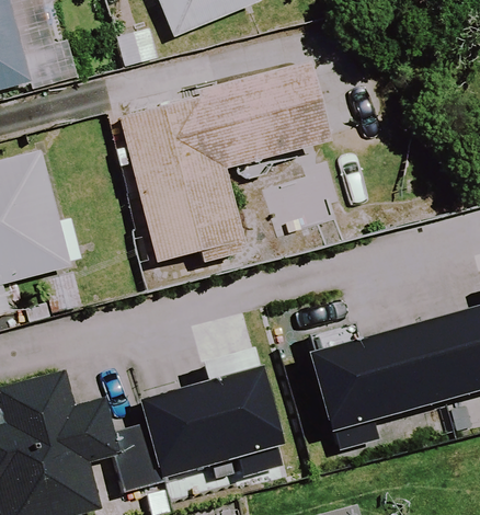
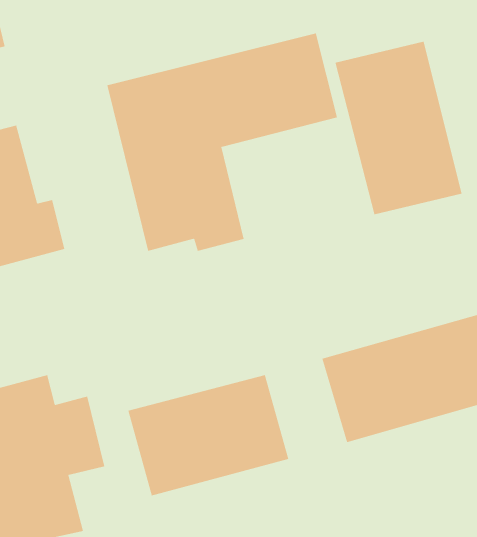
building: none -> [335,41,462,215]

